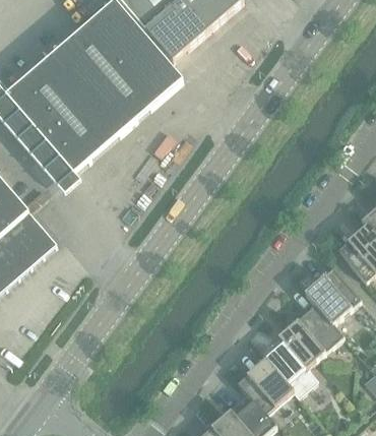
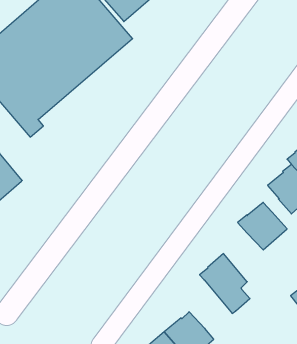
building: [287,303,342,359] -> none
building: [237,357,292,413] -> none

